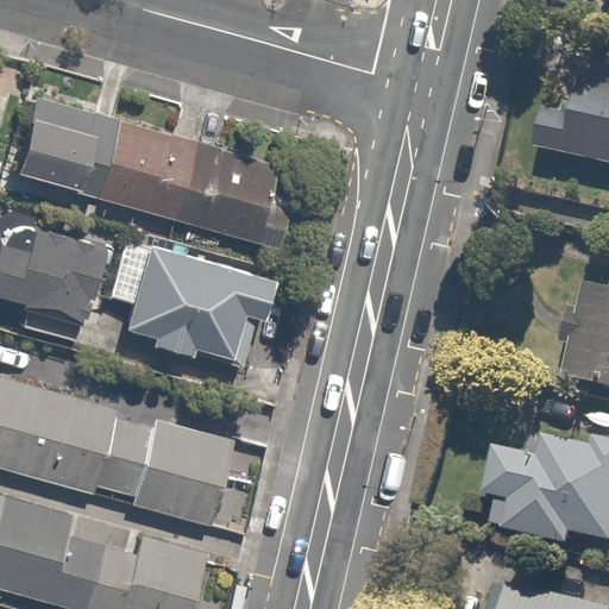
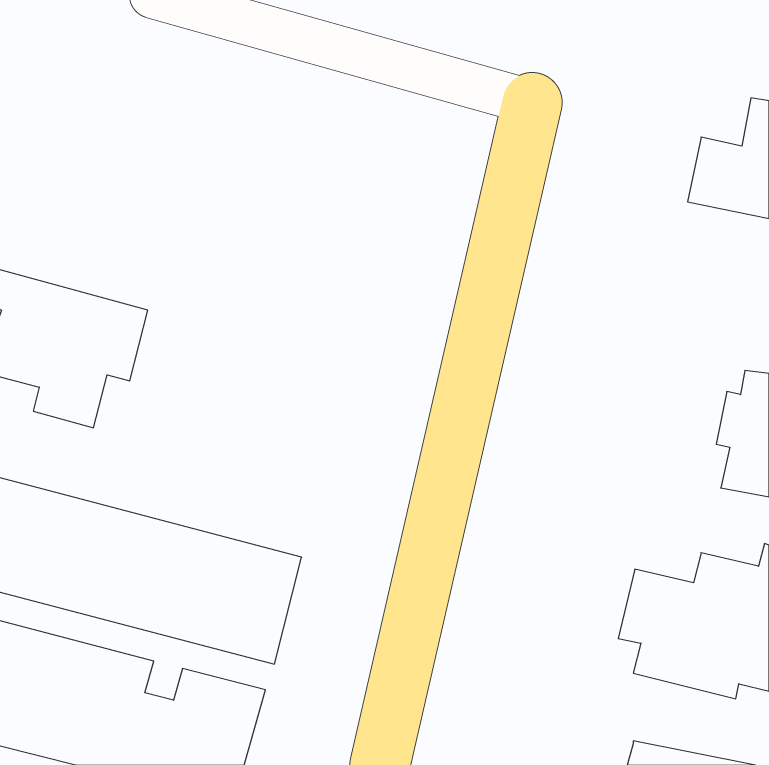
building: [15,99,307,251] -> none
building: [111,238,283,363] -> none

